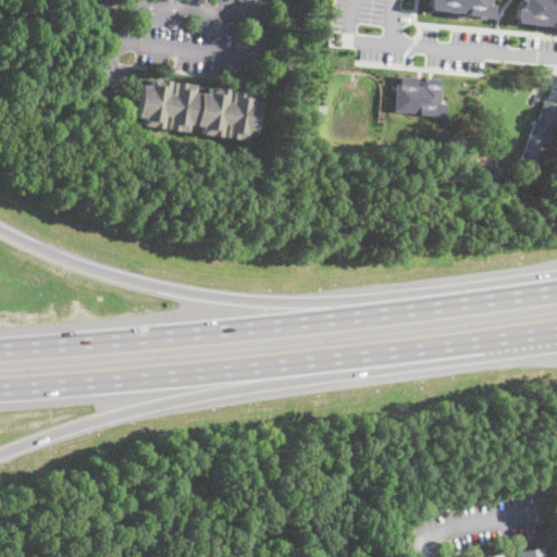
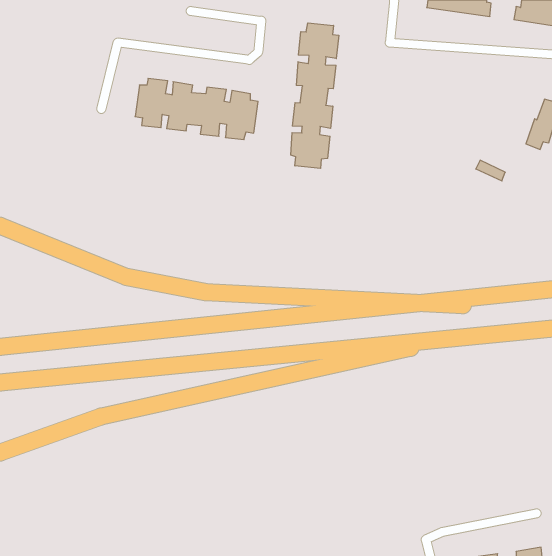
building: none -> [291,23,339,168]
building: [396,75,448,116] -> none

